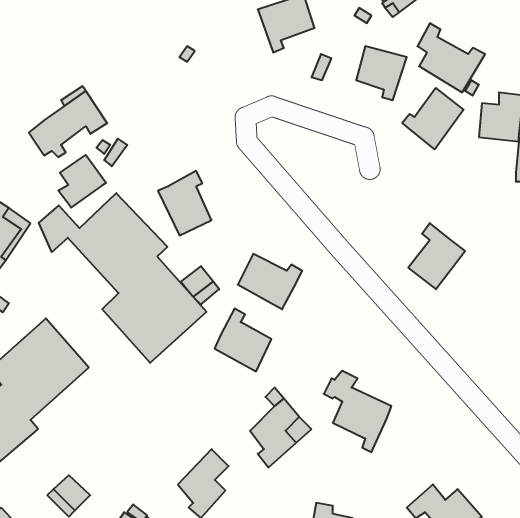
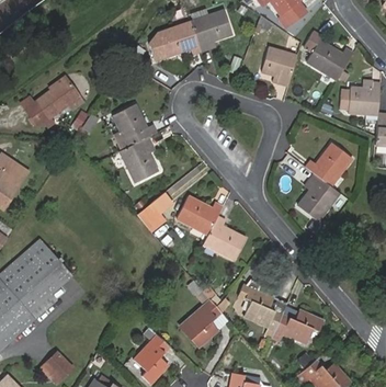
building: none -> [159,21,202,57]
building: [402,88,464,149] -> [307,143,351,186]
building: none -> [113,104,157,147]
building: [58,155,106,208] -> none
building: [39,193,206,363] -> none
building: [215,308,271,371] -> [204,216,245,261]
building: none -> [272,309,323,343]

